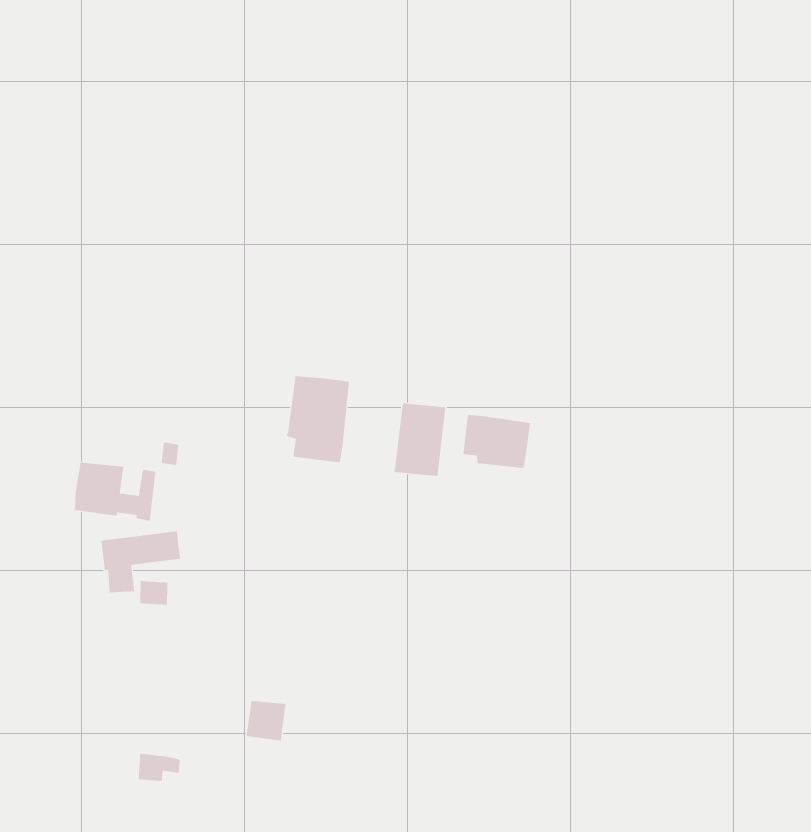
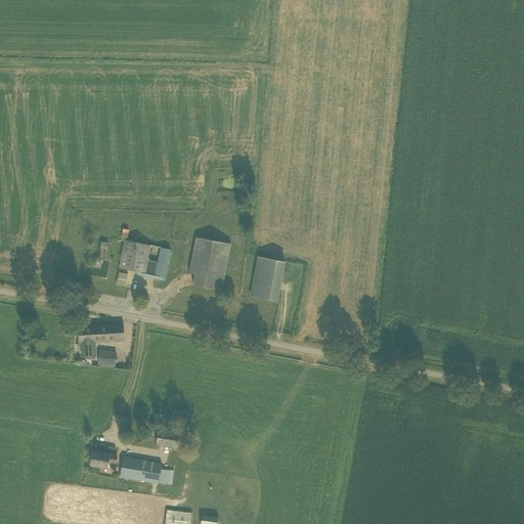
building: [463,414,530,469] -> none
building: [74,462,156,521] -> [120,241,169,277]
building: none -> [121,457,170,484]

